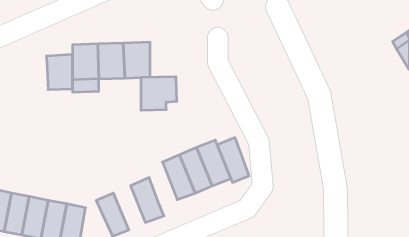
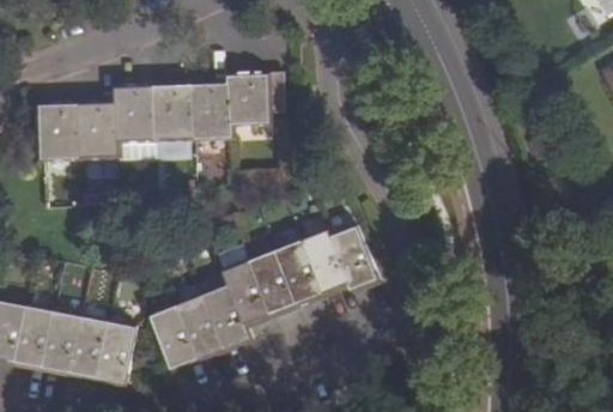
building: none -> [38,105,78,157]
building: [141,77,177,110] -> [227,75,280,125]
building: none -> [221,261,267,326]
building: none -> [174,296,220,360]

